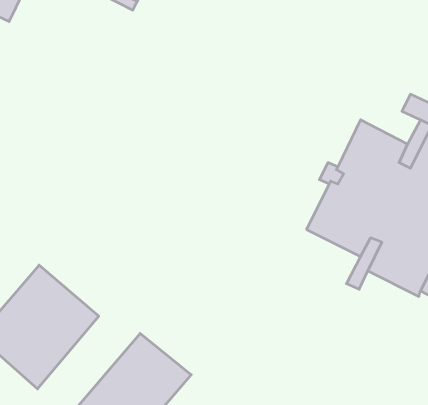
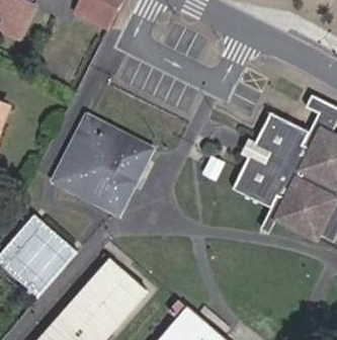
building: none -> [54,115,153,212]

